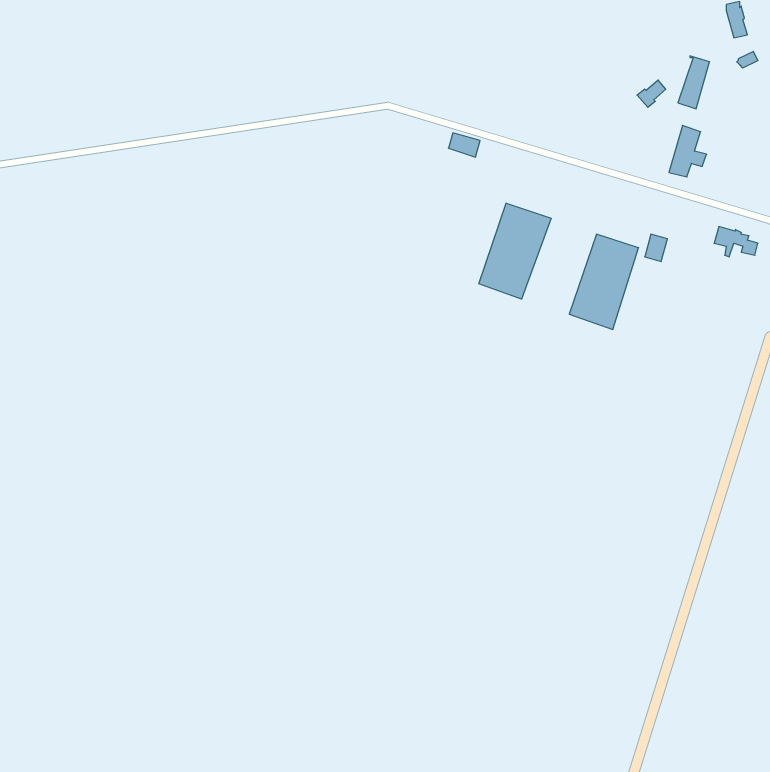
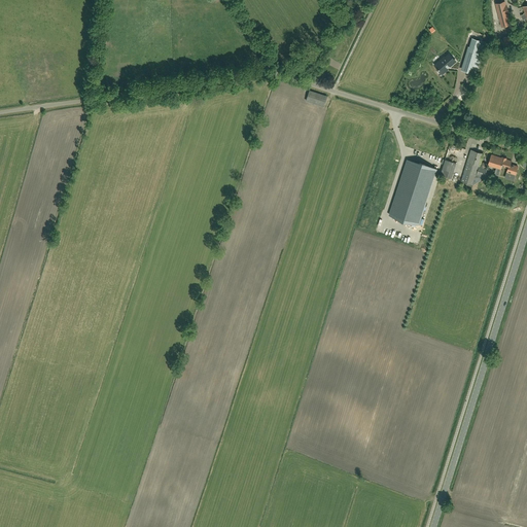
building: [669,126,707,177] -> [460,149,486,184]
building: [479,203,551,299] -> none

